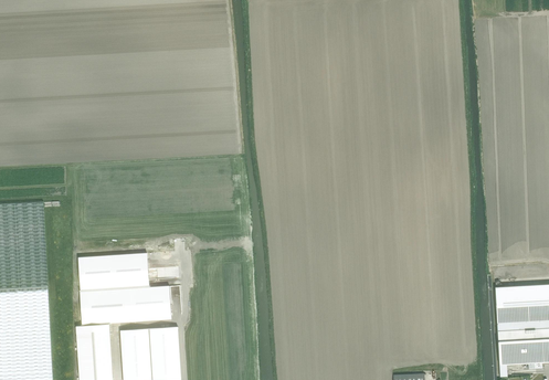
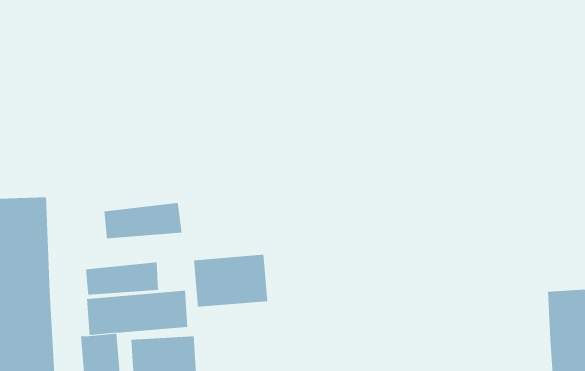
building: none -> [104,202,182,239]
building: none -> [193,254,268,308]

